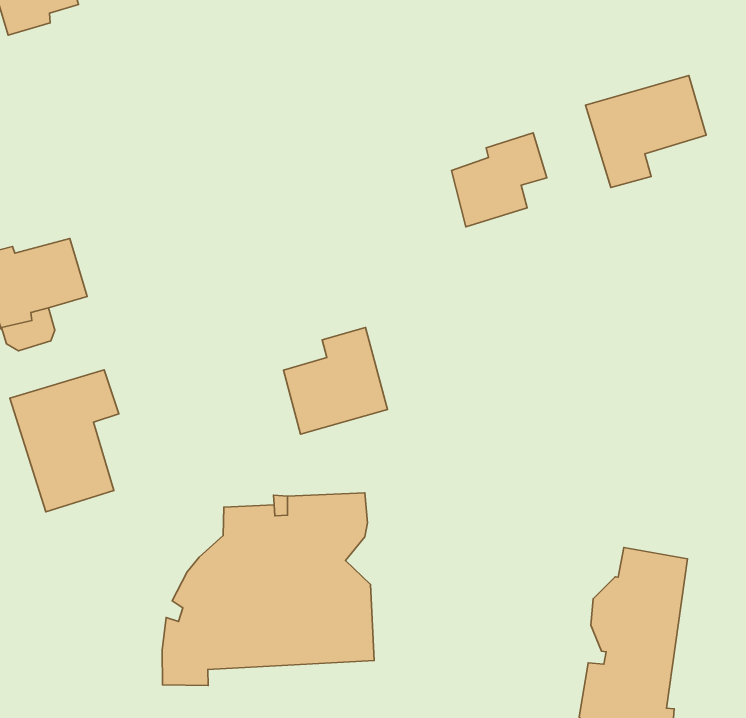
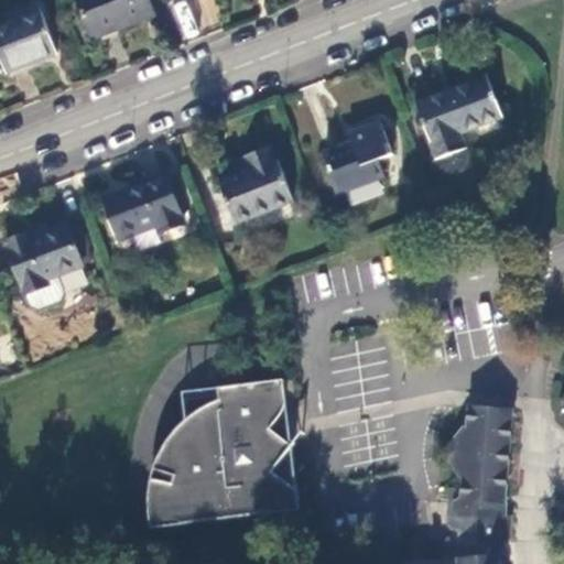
building: none -> [102,172,182,235]
building: [283,328,388,434] -> [217,144,292,223]
building: [10,370,119,512] -> none

